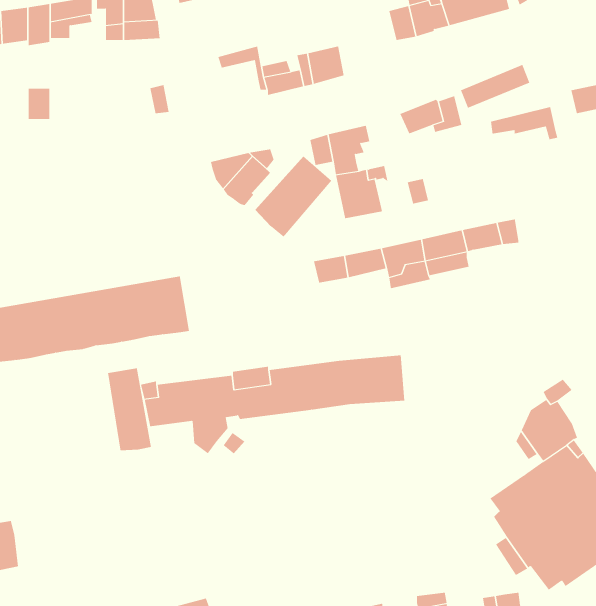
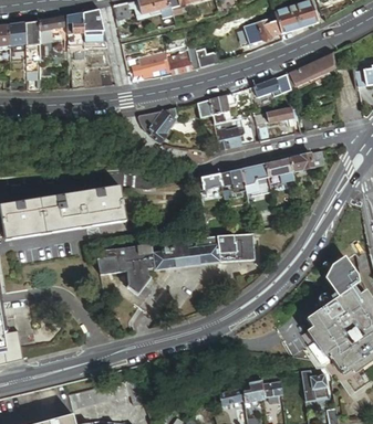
building: none -> [133,55,166,76]
building: [490,107,558,140] -> [253,107,294,127]
building: [254,156,332,238] -> none
building: [108,368,152,451] -> none

